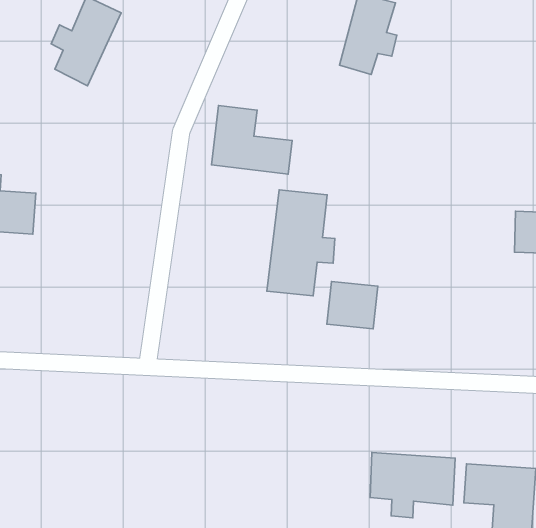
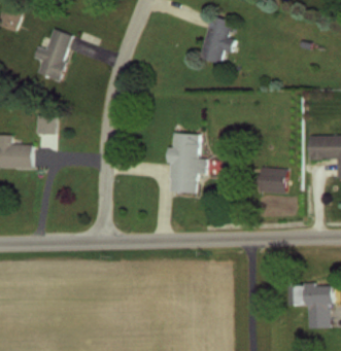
building: [211,105,292,174] -> none
building: [327,281,378,329] -> [259,167,286,192]
building: [370,453,455,518] -> none

